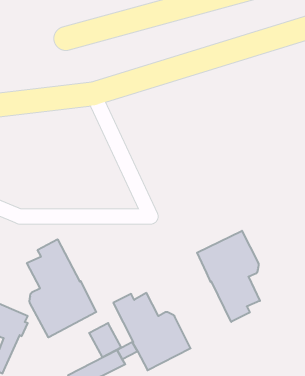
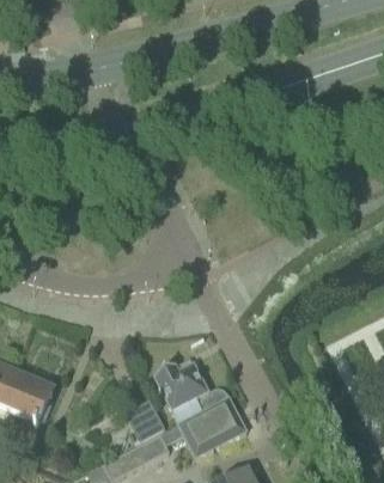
building: [197,231,260,322] -> none
building: [27,239,96,337] -> none

